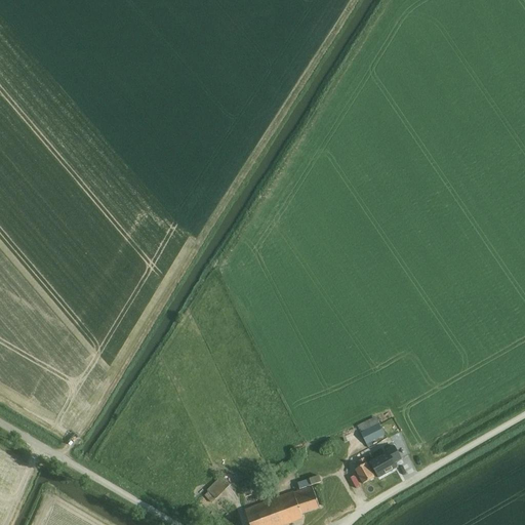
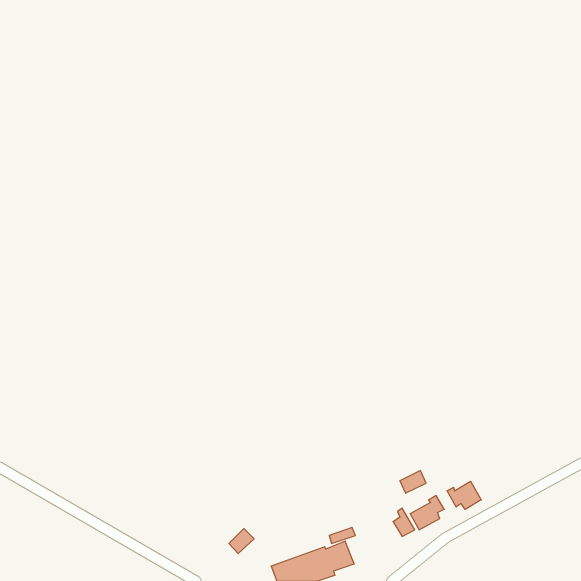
building: none -> [447,481,481,509]

